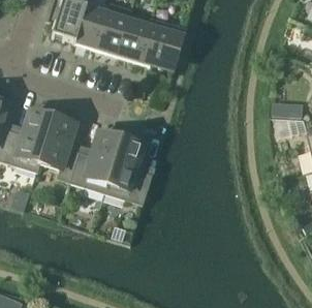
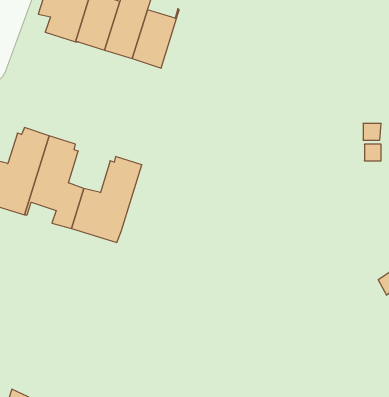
building: [137,18,186,67] -> none
building: [104,133,152,204] -> none

